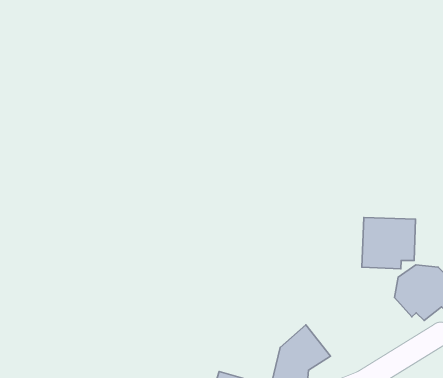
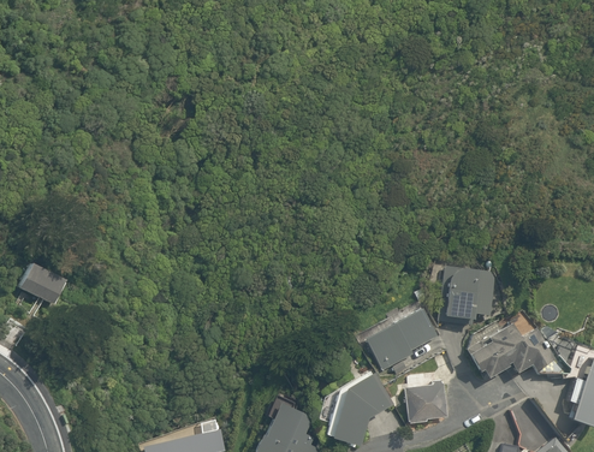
building: none -> [366,309,439,369]
building: none -> [405,379,445,422]

